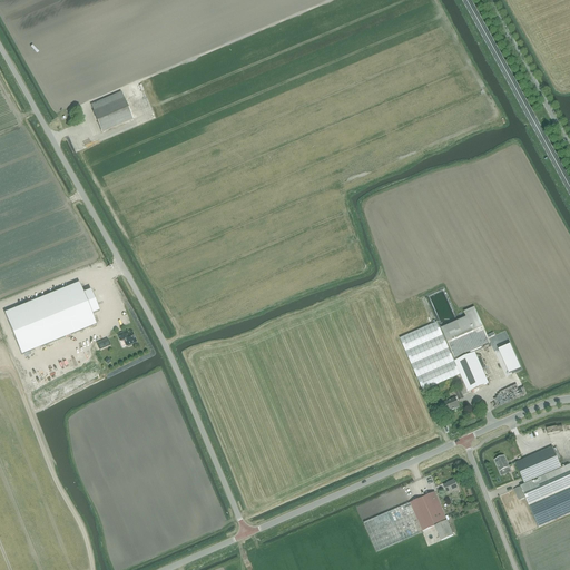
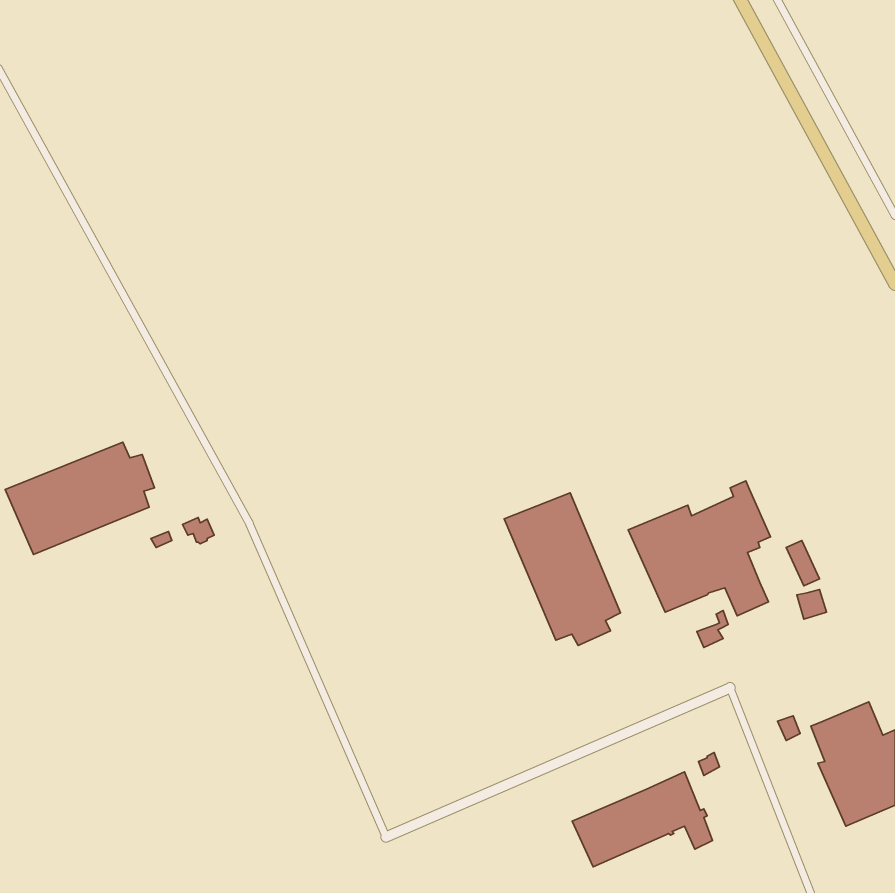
building: [90,90,135,130] -> none
building: none -> [504,493,620,646]

